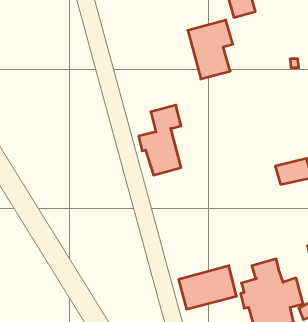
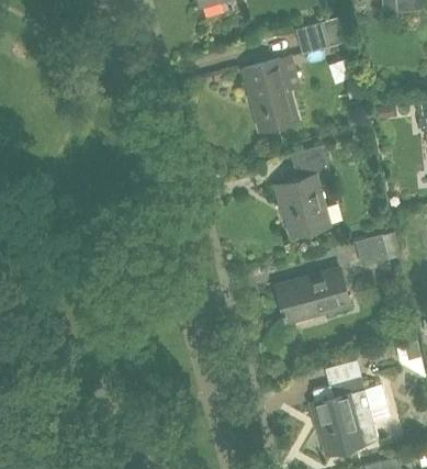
building: [139,105,181,175] -> [276,147,329,236]
building: [179,266,237,309] -> [277,269,350,324]

